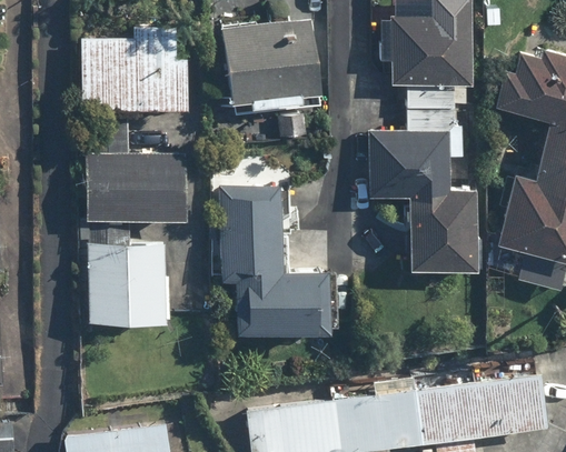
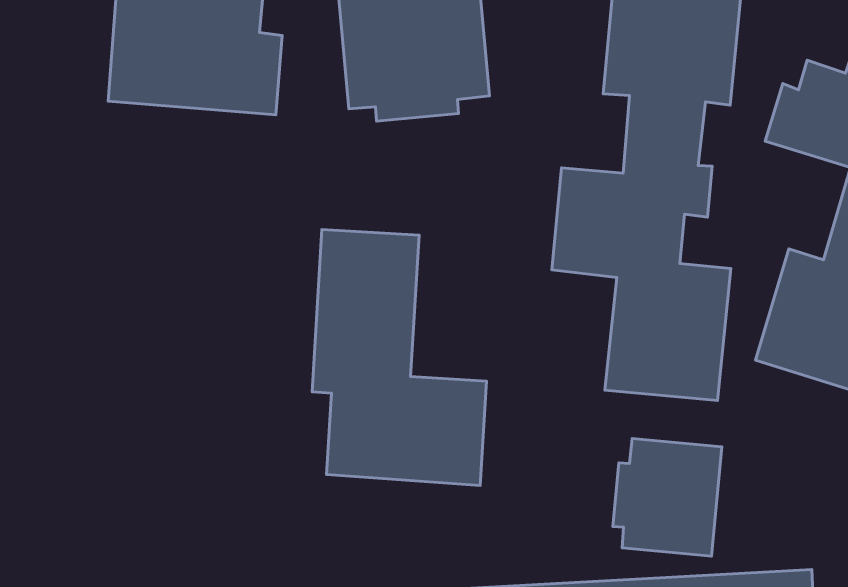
building: [83,118,187,327] -> none
building: none -> [613,439,722,556]

